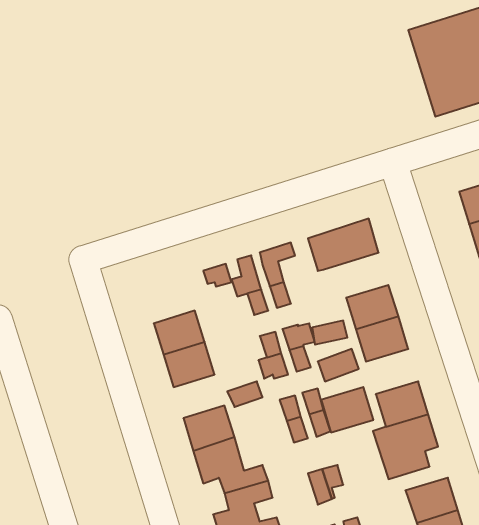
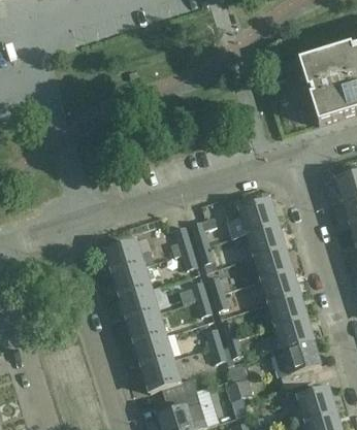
building: none -> [236,221,284,257]
building: none -> [105,238,153,272]
building: none -> [127,309,164,341]
building: [321,387,373,432] -> [267,291,305,324]

